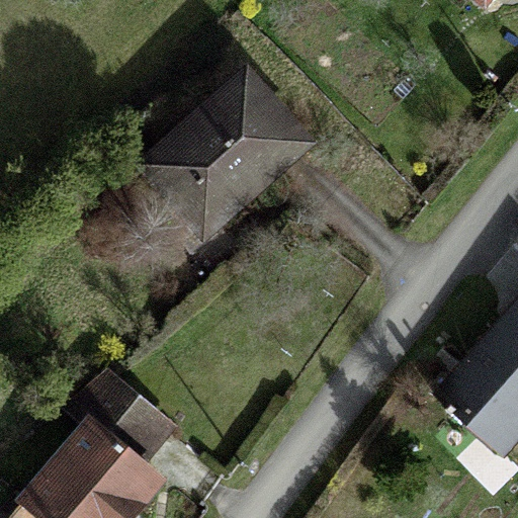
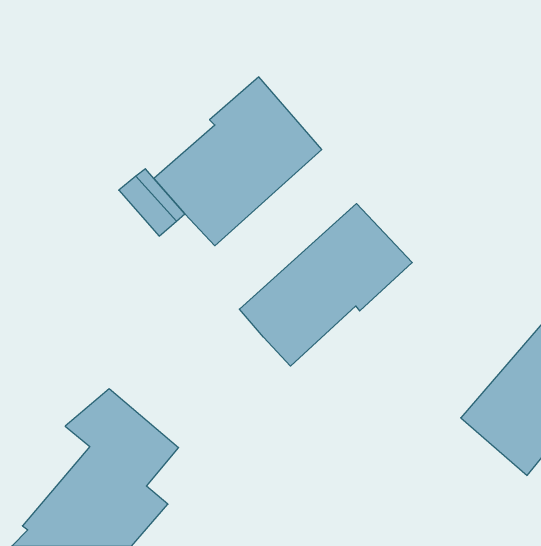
building: none -> [239,204,412,366]

